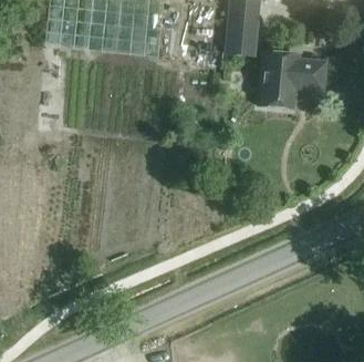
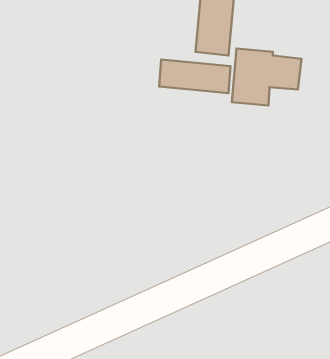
building: none -> [159,60,231,93]

